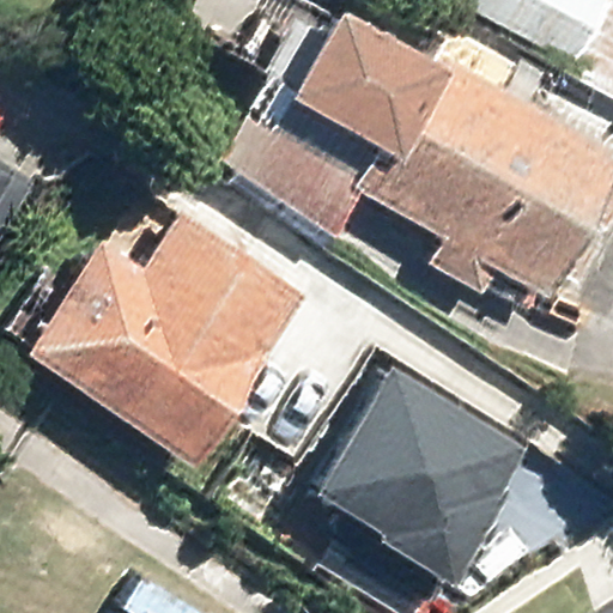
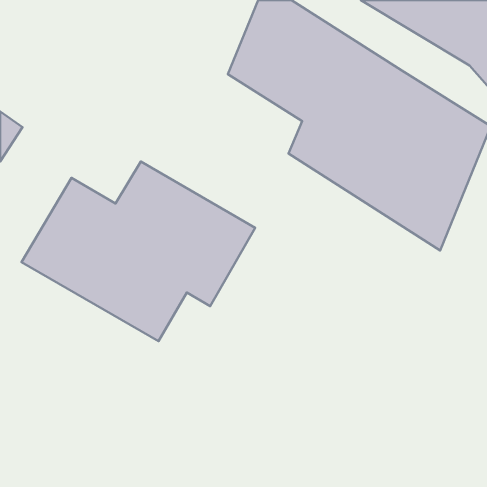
building: [318,357,530,585] -> none

